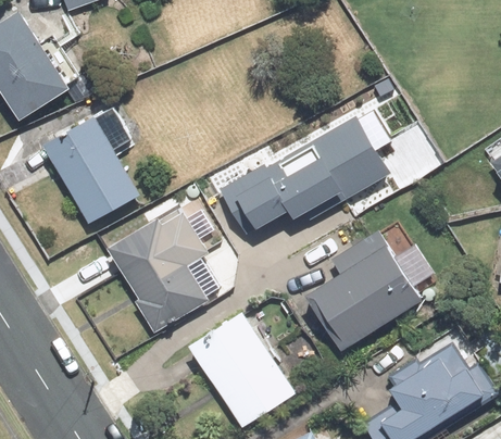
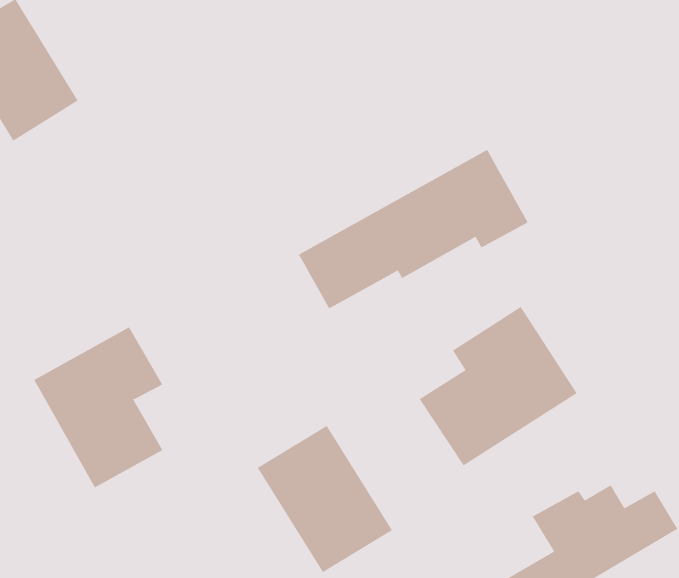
building: [48,123,131,218] -> none
building: [112,213,204,328] -> [33,327,163,488]

